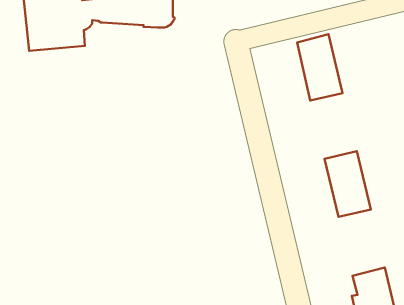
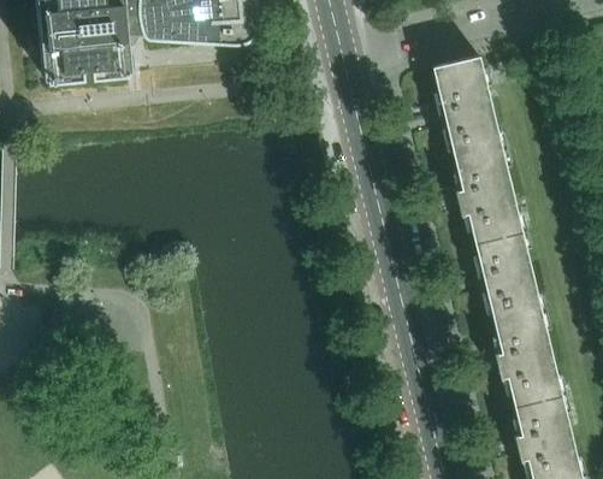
building: none -> [453,140,520,235]
building: none -> [492,308,561,404]

